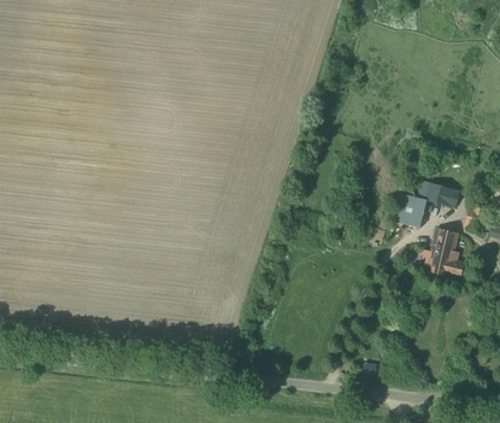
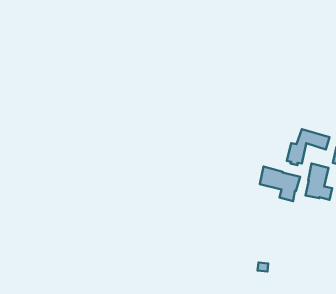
building: none -> [260,167,300,201]

